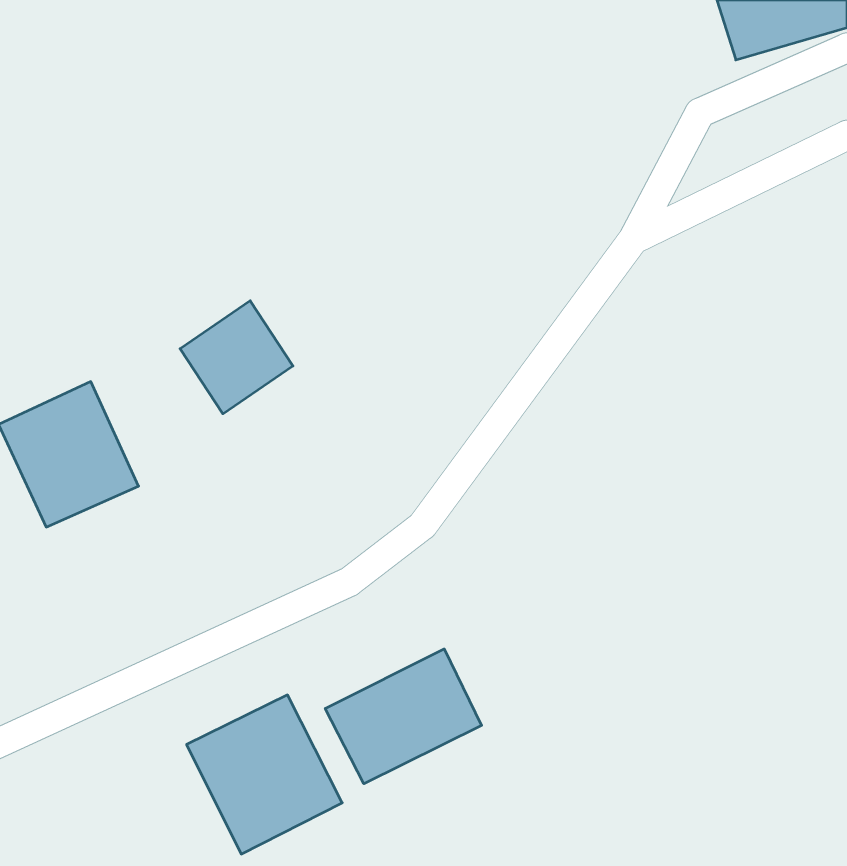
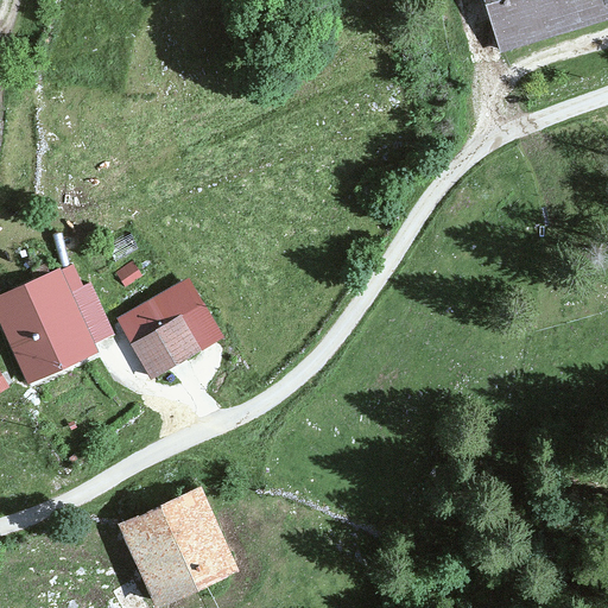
building: [180,301,293,414] -> [135,285,214,363]
building: [325,649,482,784] -> none

